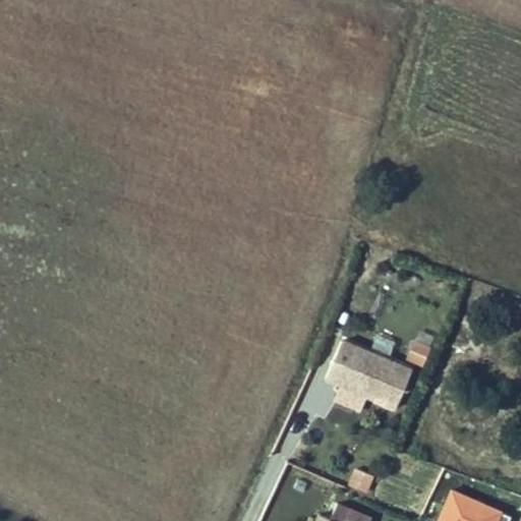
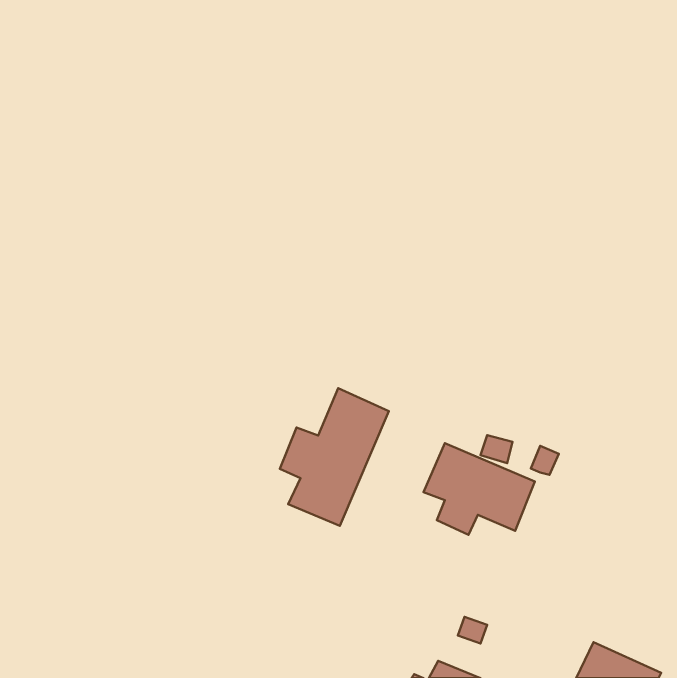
building: none -> [280,388,389,526]

